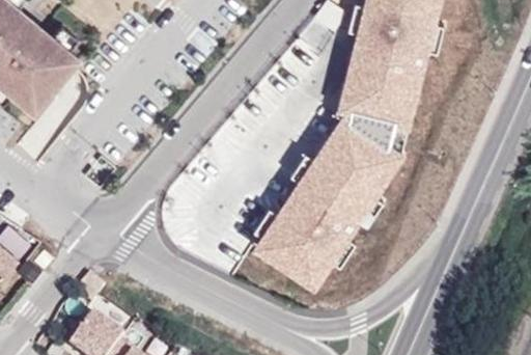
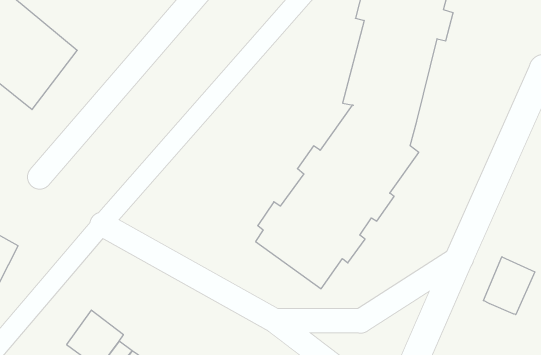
building: none -> [483,257,535,315]

